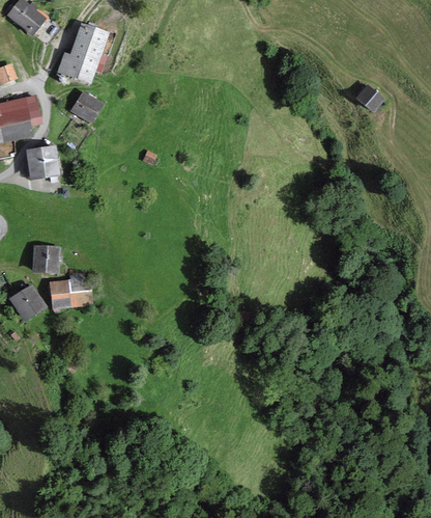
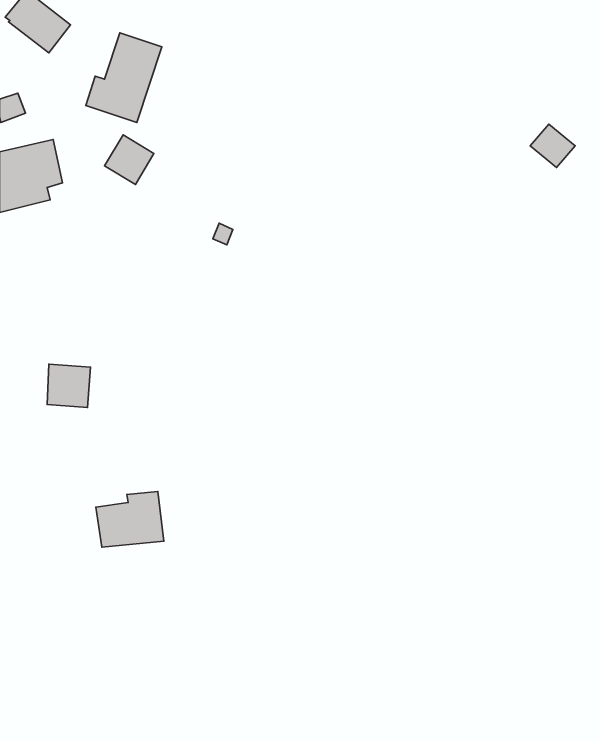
building: [26,145,60,180] -> none
building: [49,272,94,309] -> [96,492,164,547]
building: [9,283,47,322] -> none

